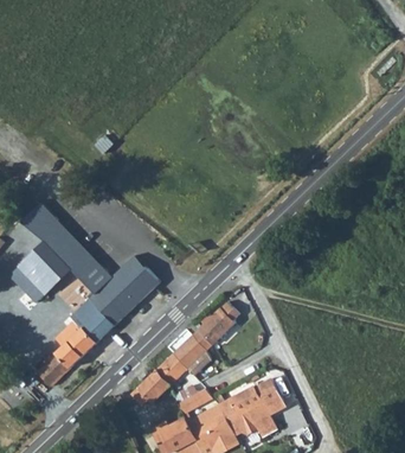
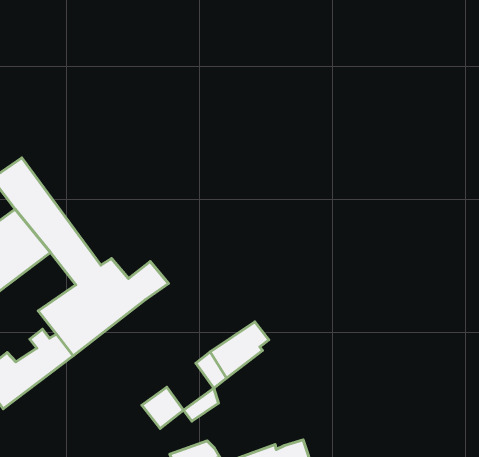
building: [168,336,202,371] -> none
building: [134,371,167,404] -> none

